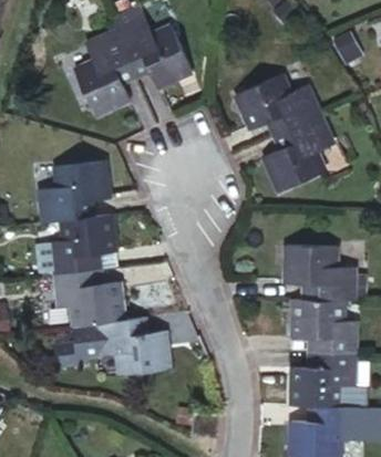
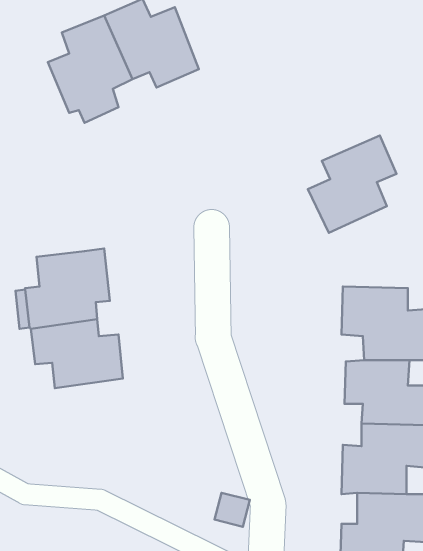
building: [241,82,326,144] -> none
building: [37,162,102,220] -> none
building: [52,312,164,372] -> none

